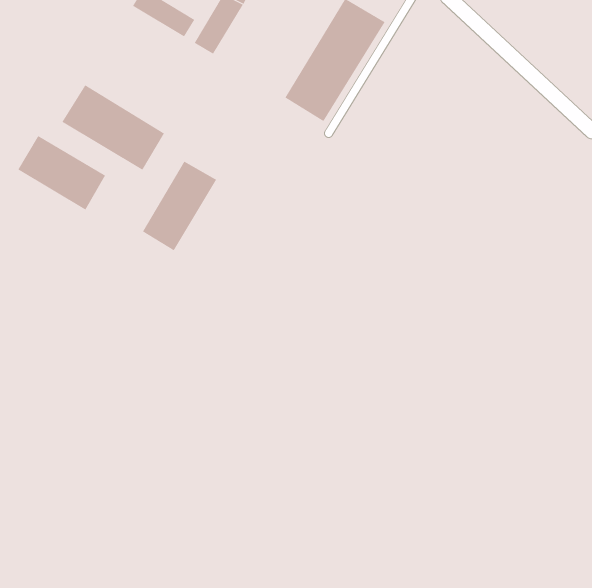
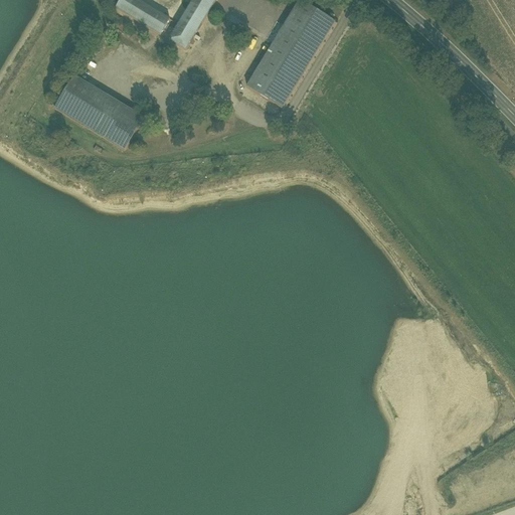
building: [17,135,106,210] -> none
building: [142,161,217,251] -> none

